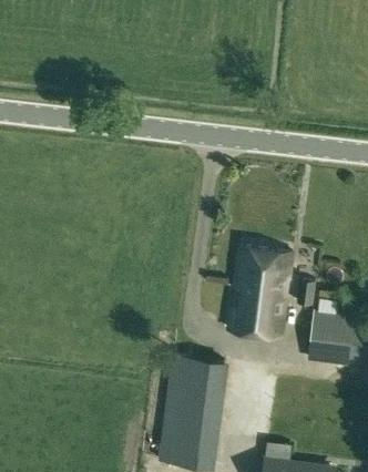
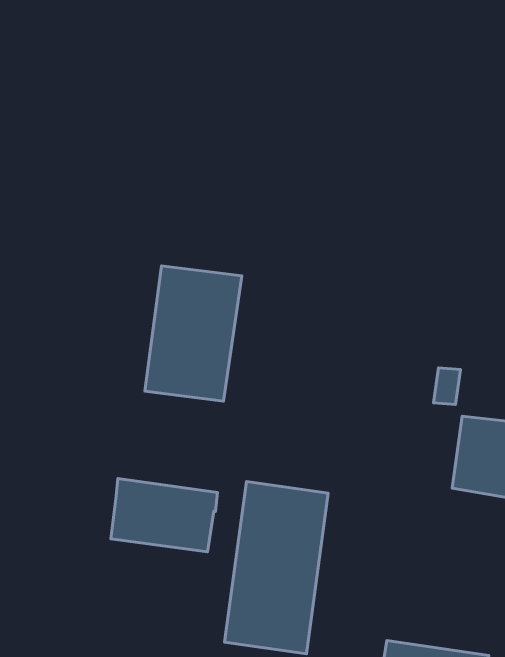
building: [229,246,294,336] -> [145,266,242,401]
building: none -> [111,478,217,552]

